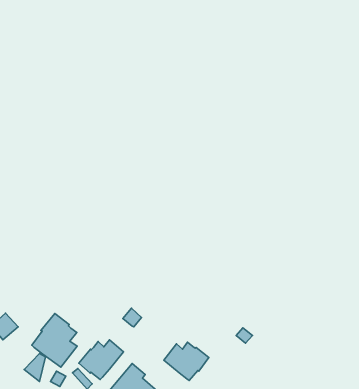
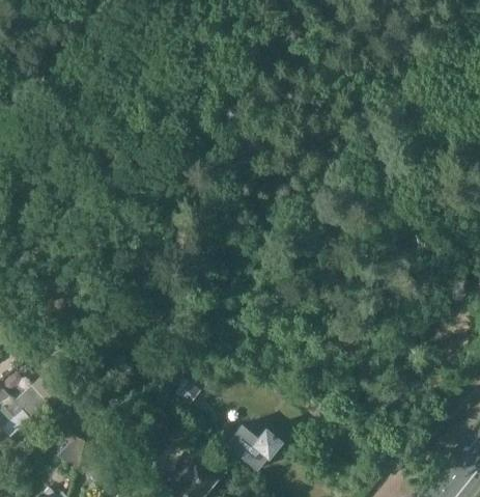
building: [32,313,77,367] -> none
building: [79,340,124,380] -> none

